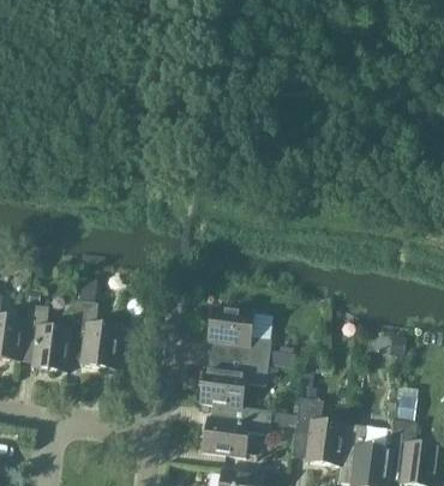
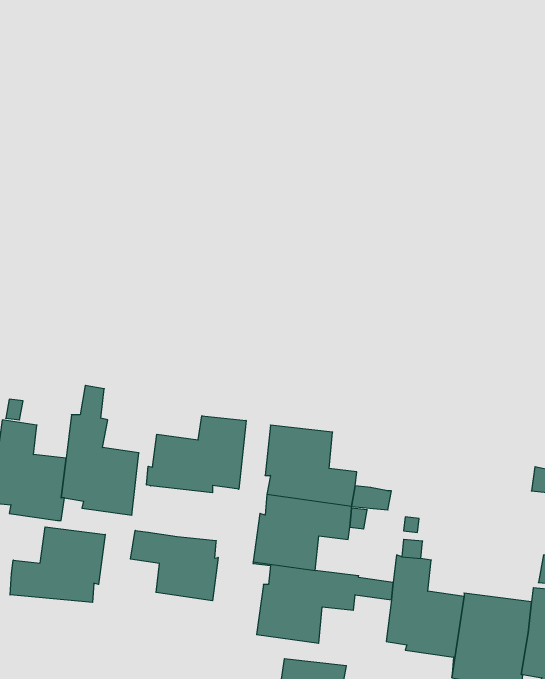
building: none -> [147,416,246,493]
building: none -> [10,527,105,602]
building: none -> [130,530,218,601]

